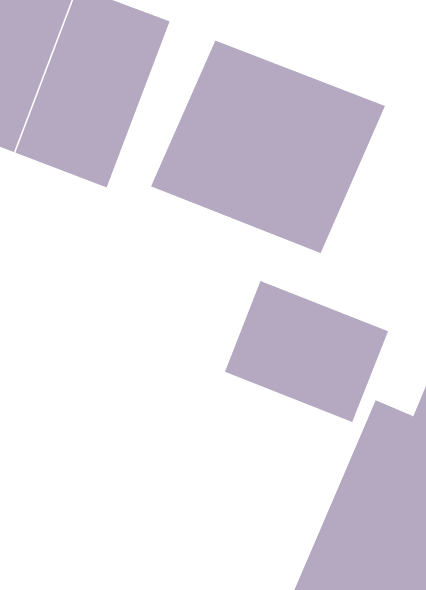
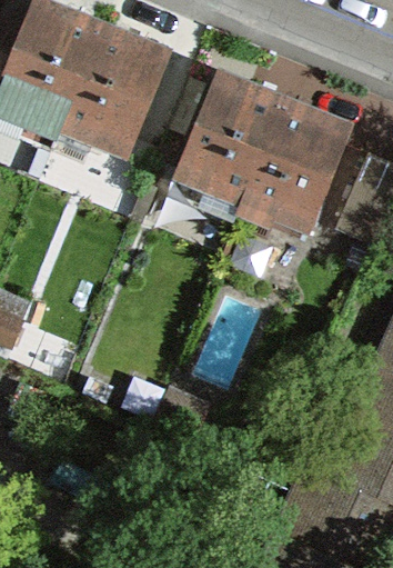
building: [224,280,389,423] -> none

